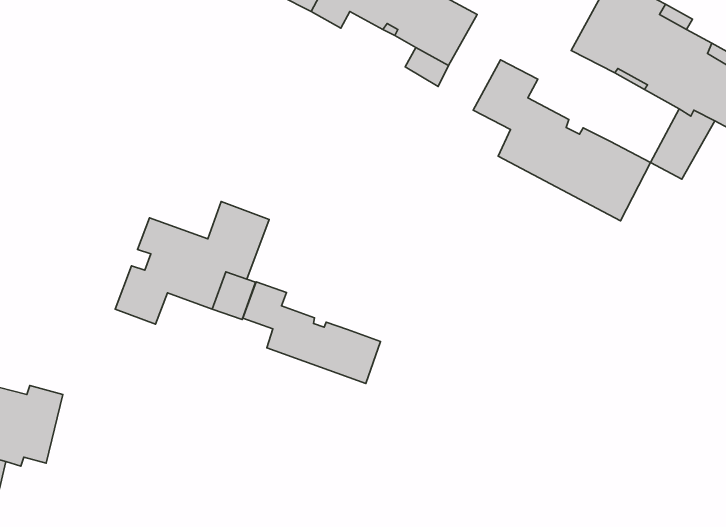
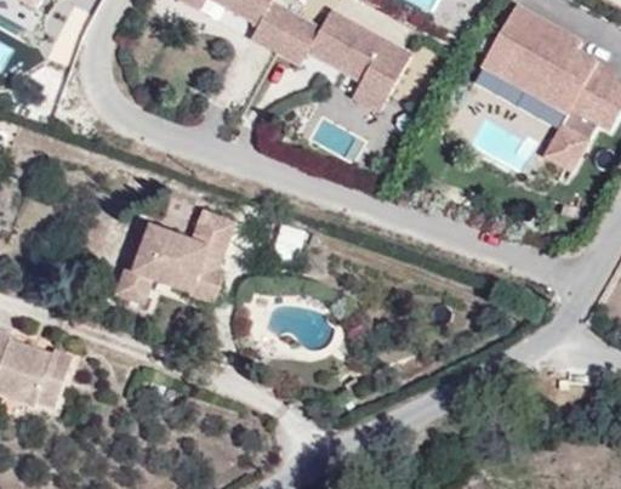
building: [473,60,651,221] -> none
building: [243,282,380,384] -> none

